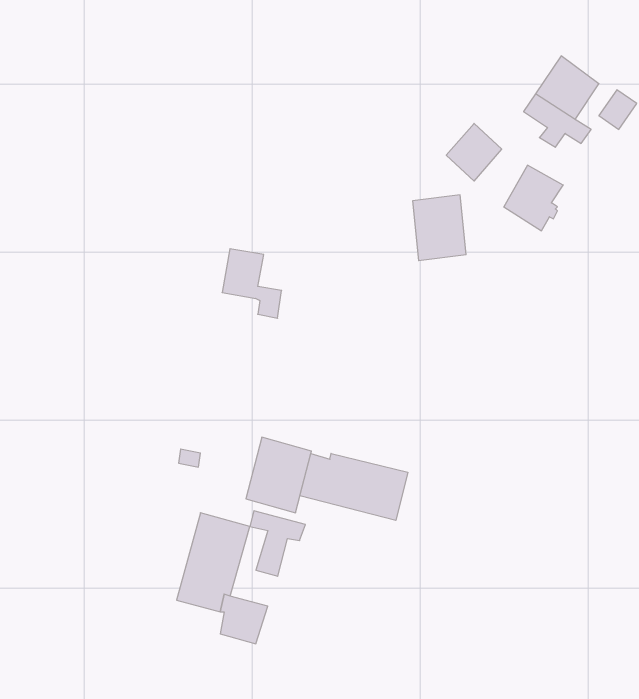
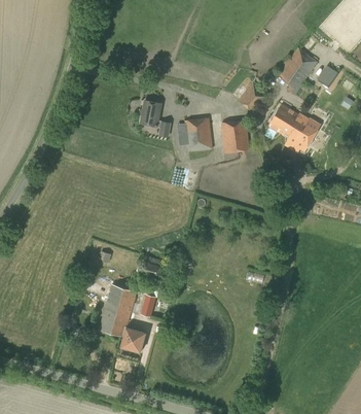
building: none -> [287,114,320,150]
building: none -> [184,118,213,151]
building: [222,249,282,318] -> [140,101,171,137]
building: [300,453,408,520] -> none

